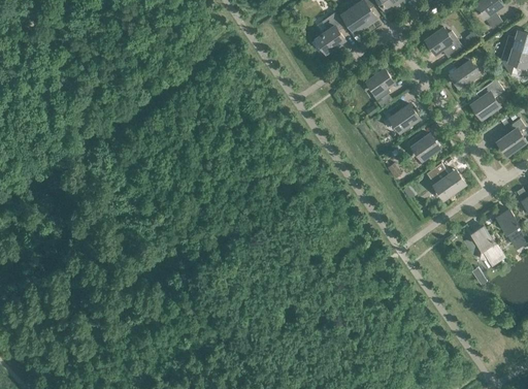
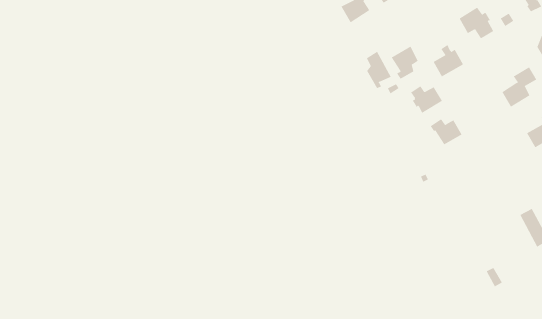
building: [450,58,478,89] -> [433,44,464,77]
building: none -> [366,51,391,89]
building: [426,164,464,200] -> none
building: [472,228,503,264] -> none

